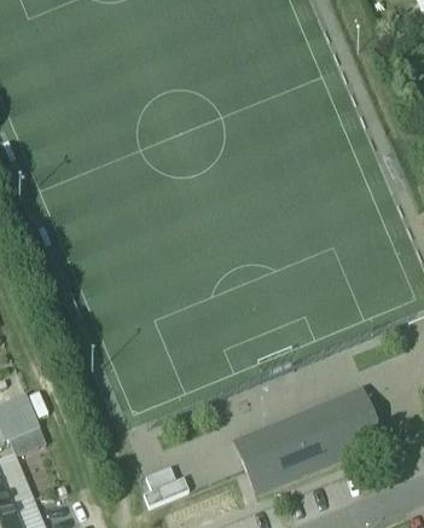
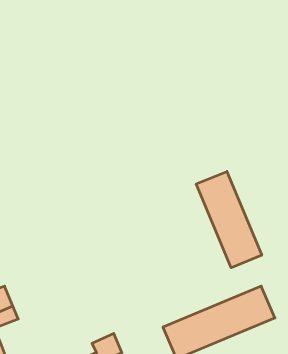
building: none -> [196,171,262,268]

